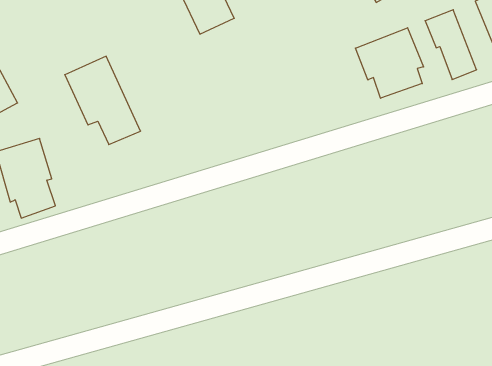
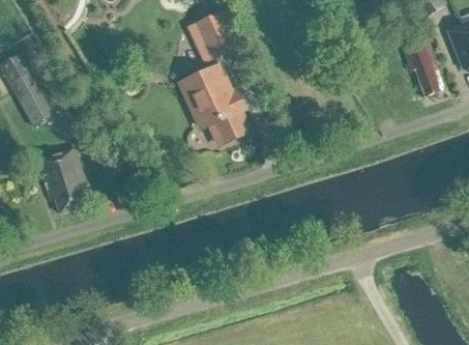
building: [355,28,424,98] -> none
building: [65,56,141,145] -> [183,68,247,143]

